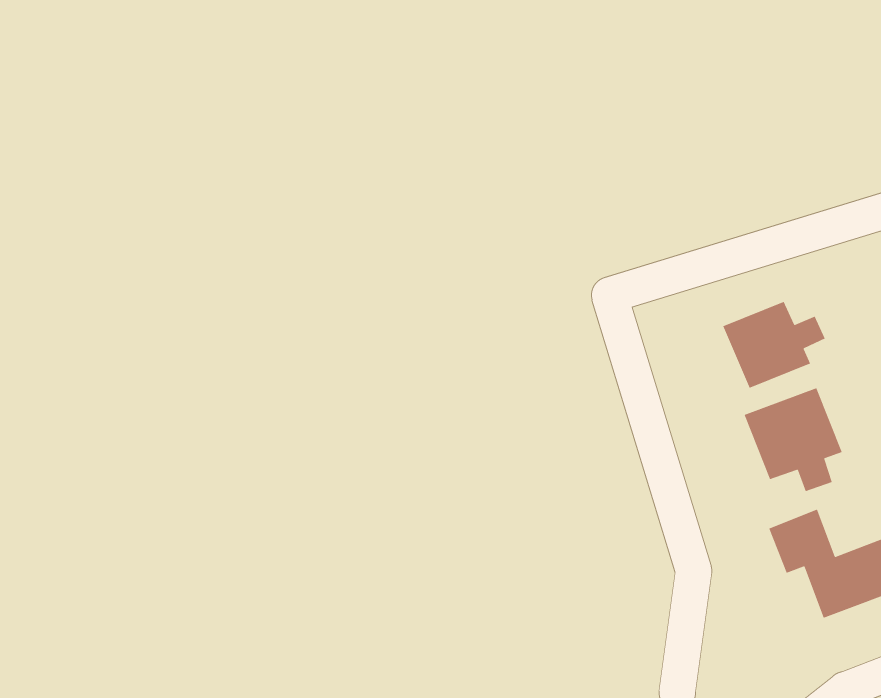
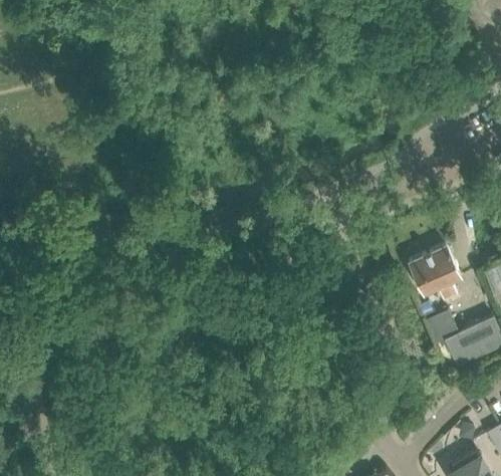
building: [722,301,826,389] -> none

